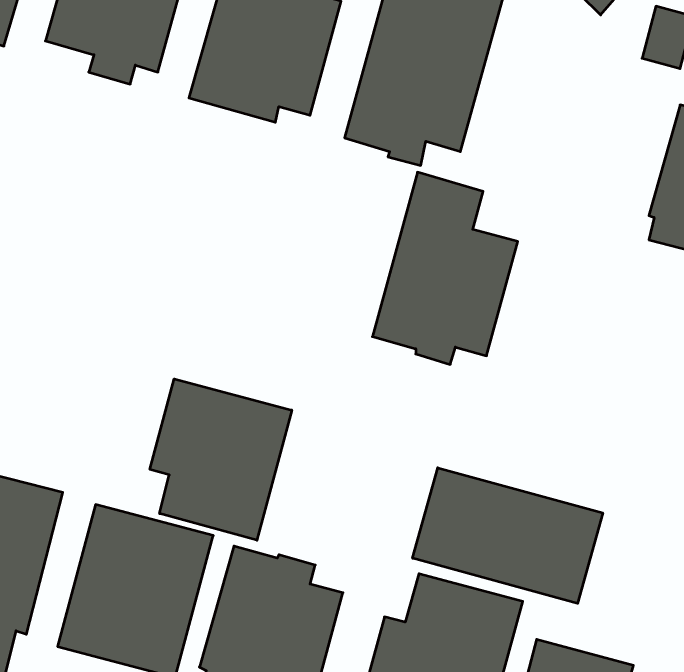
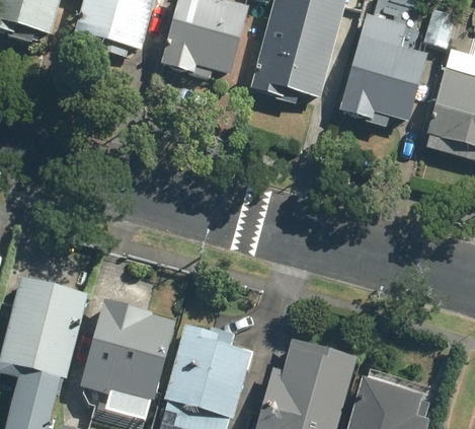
building: [372,172,518,364] -> [340,12,425,125]
building: [150,379,292,540] -> none
building: [413,468,603,603] -> none

